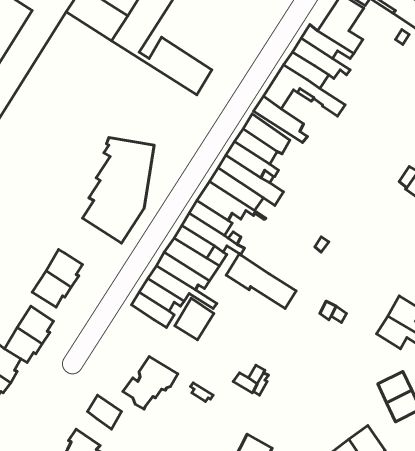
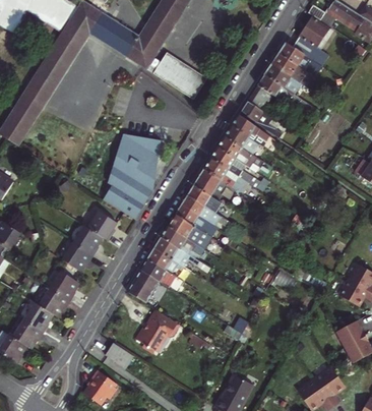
building: none -> [87,210,117,240]
building: [226,254,296,309] -> none
building: [175,298,214,340] -> [128,269,160,302]

